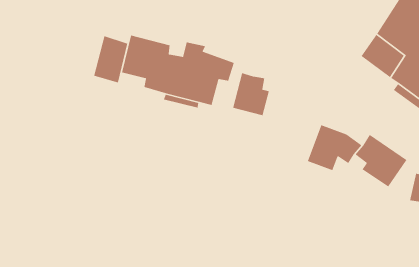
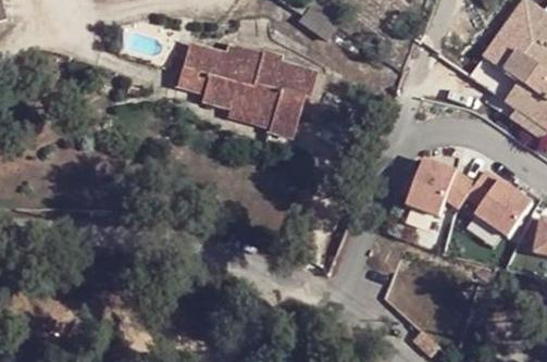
building: [93,35,128,84] -> none
building: [232,72,270,116] -> none

